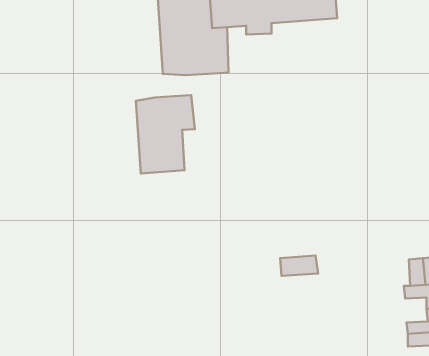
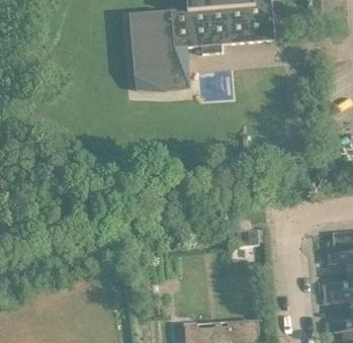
building: [136,95,195,174] -> none

